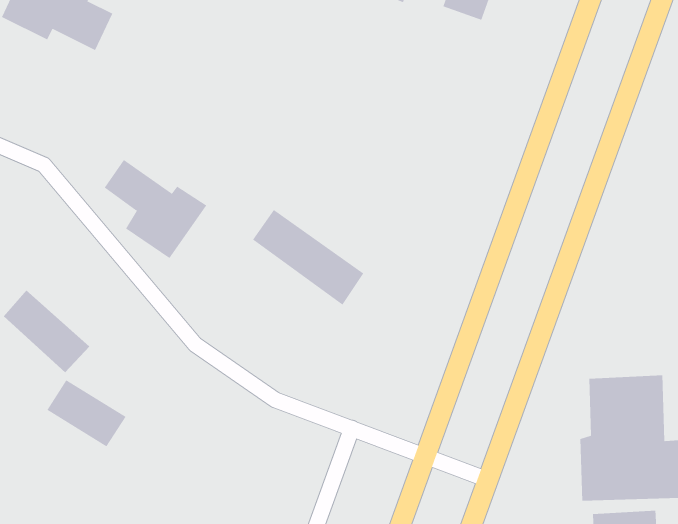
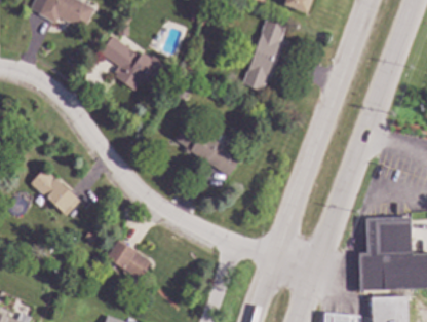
building: none -> [242,19,285,91]
building: [104,159,207,259] -> [101,36,160,94]
building: [46,379,126,447] -> [106,241,152,280]

